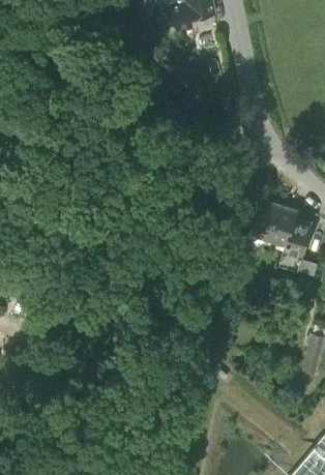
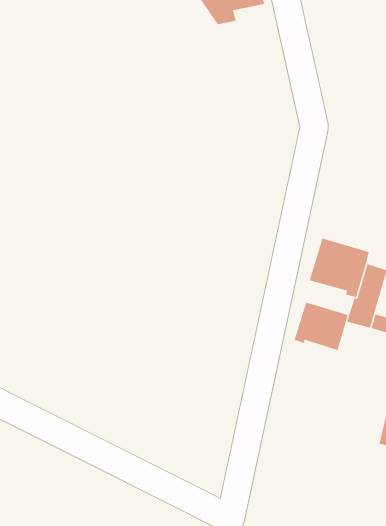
building: none -> [294,302,348,351]

